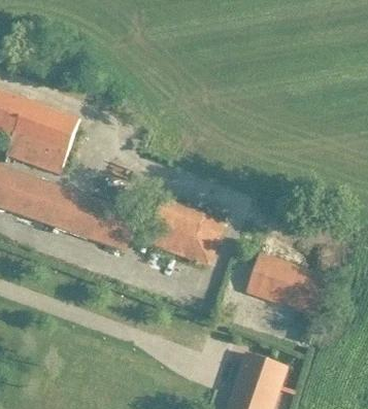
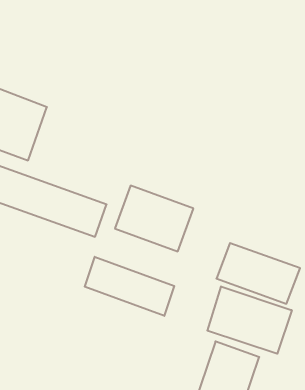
building: none -> [85,257,174,316]
building: none -> [207,286,292,354]

